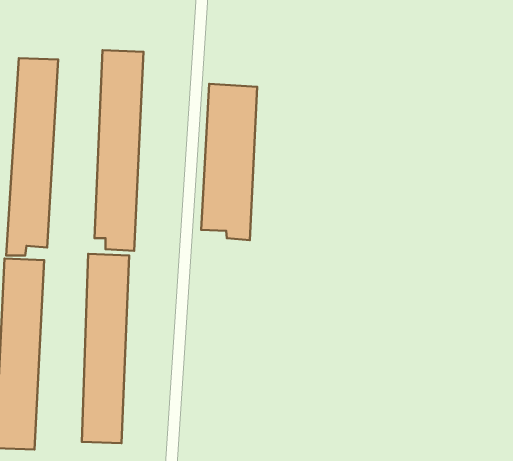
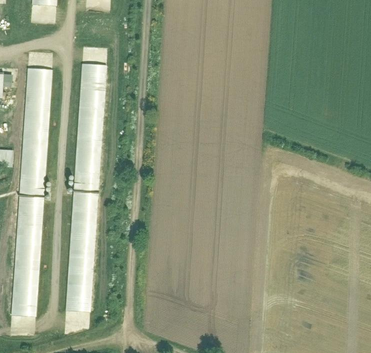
building: [201,84,257,240] -> none

